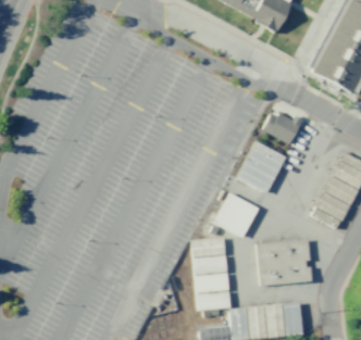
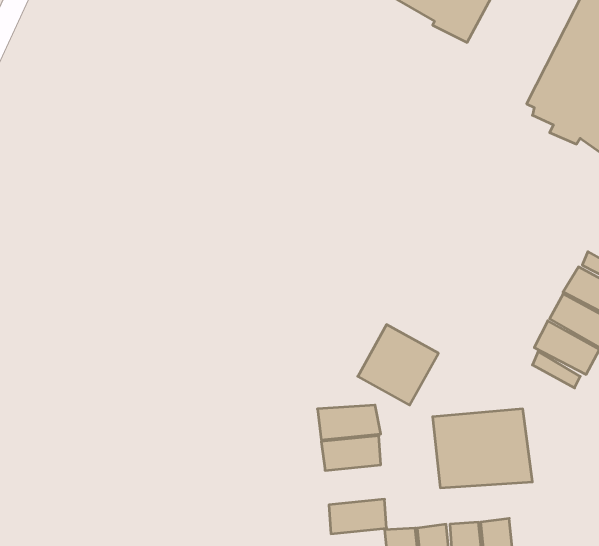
building: [264,113,304,144] -> none
building: [238,141,287,192] -> none
building: [196,274,229,293] -> none

